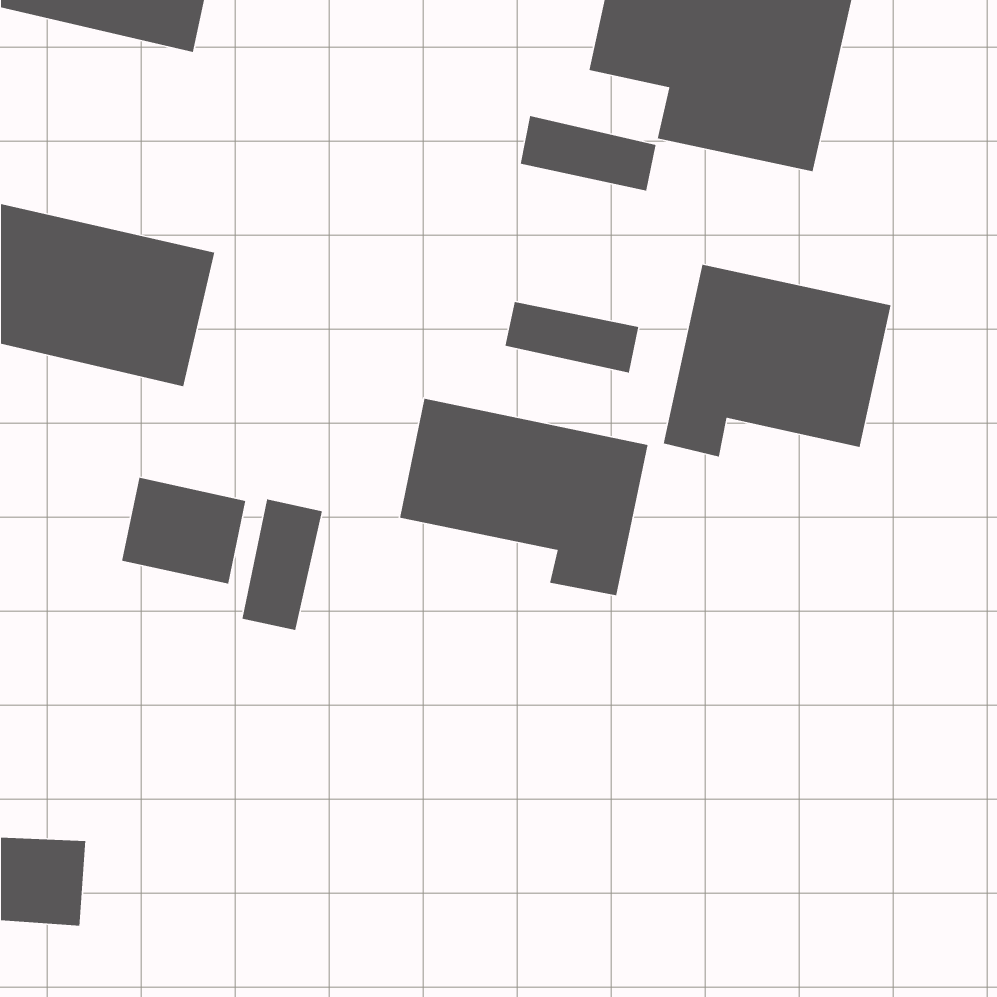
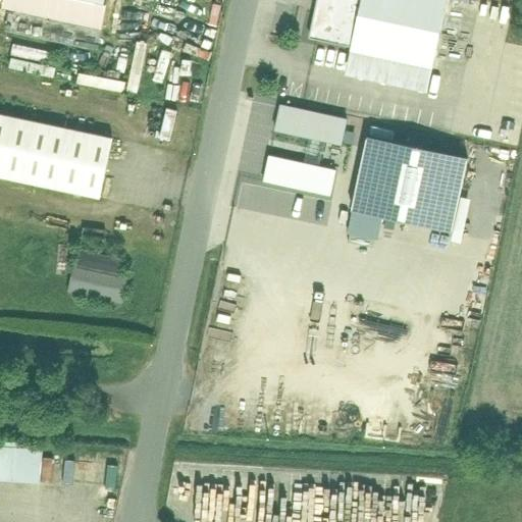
building: [520,115,657,192] -> [274,104,346,144]
building: [399,398,648,596] -> none
building: [242,498,323,631] -> none

